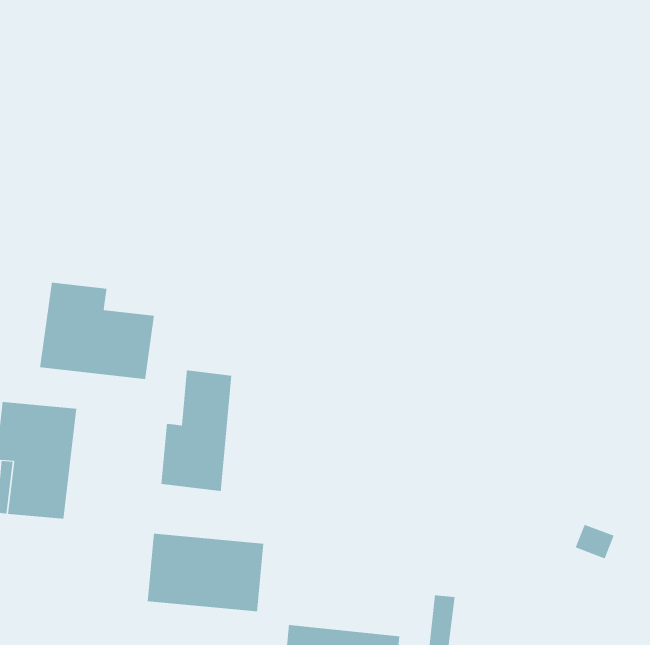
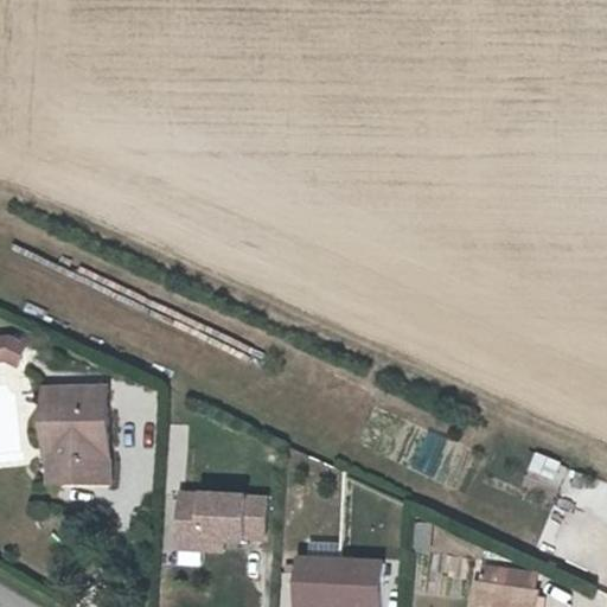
building: [40,282,154,380] -> none
building: [161,369,232,492] -> none

